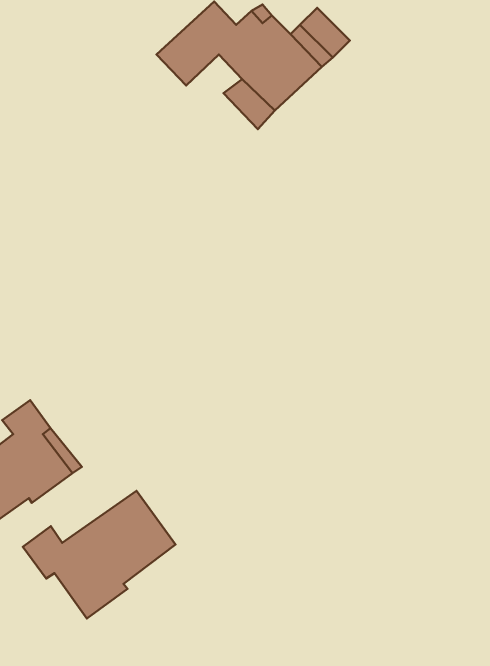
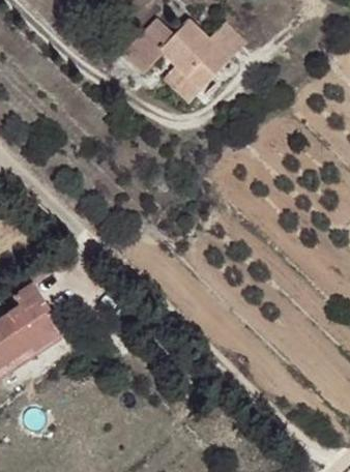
building: [23,491,176,619] -> none

